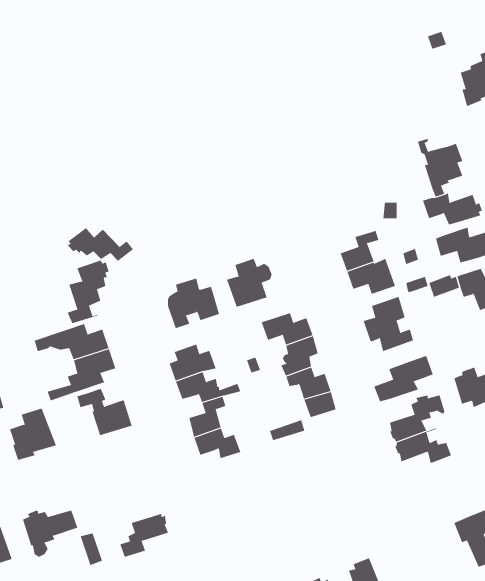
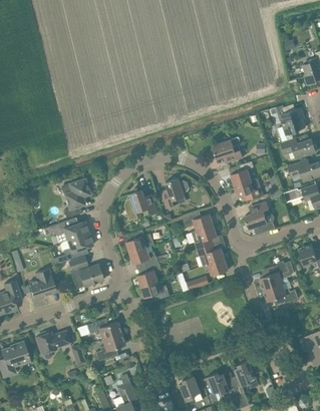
building: none -> [212,139,243,162]
building: [67,227,134,264] -> none
building: [373,355,434,402] -> none
building: none -> [86,320,121,339]

